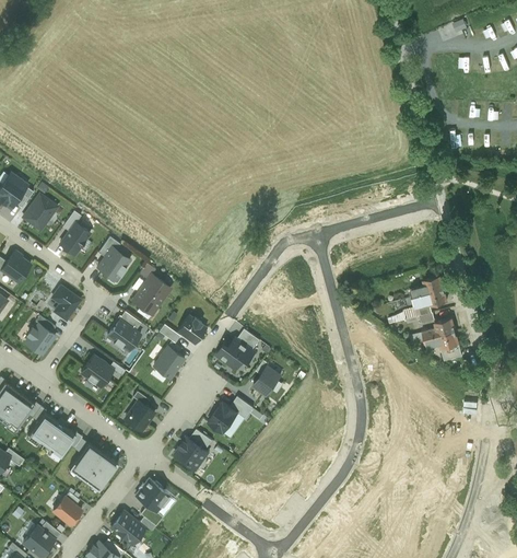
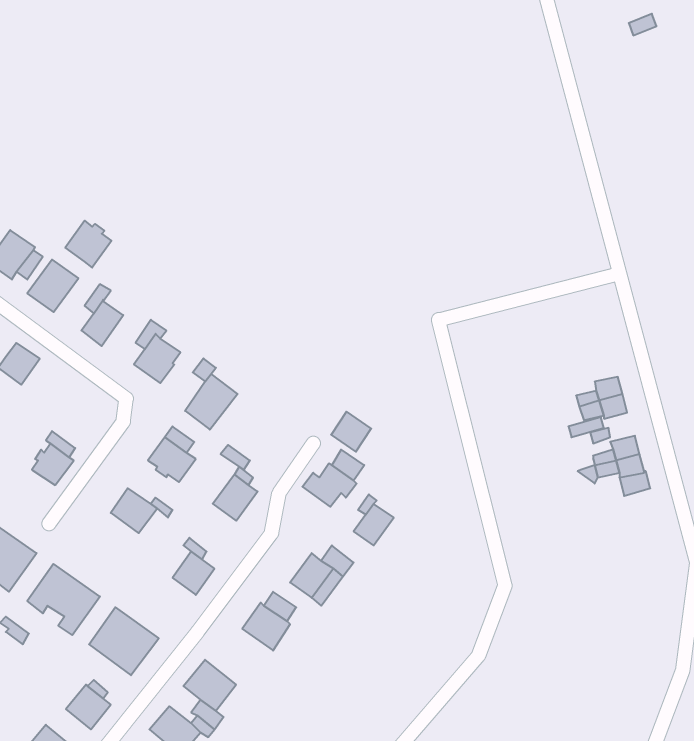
building: none -> [65,221,111,268]
building: [51,287,80,322] -> none
building: [177,316,205,345] -> [331,412,371,452]

